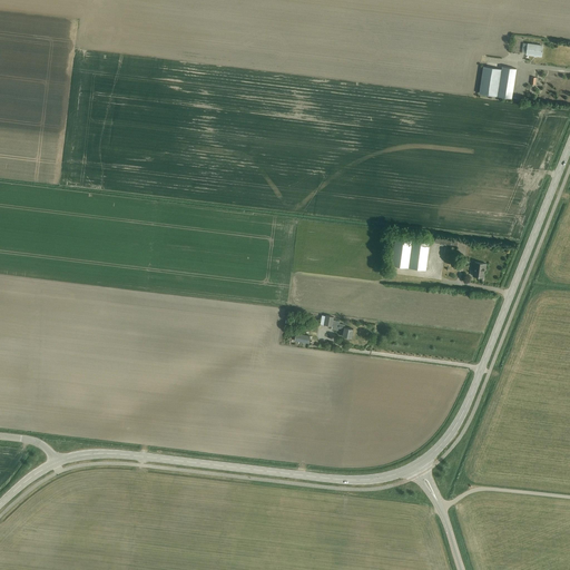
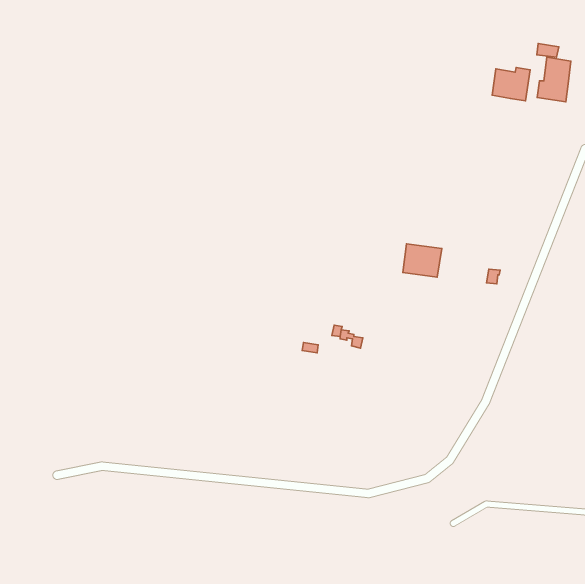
building: none -> [537,57,571,102]

